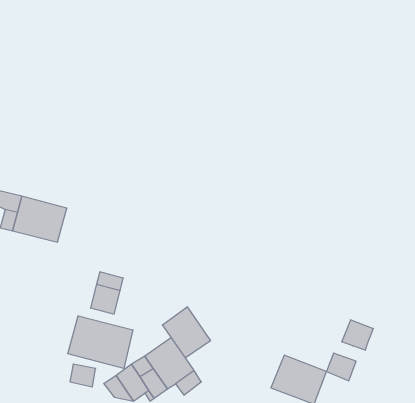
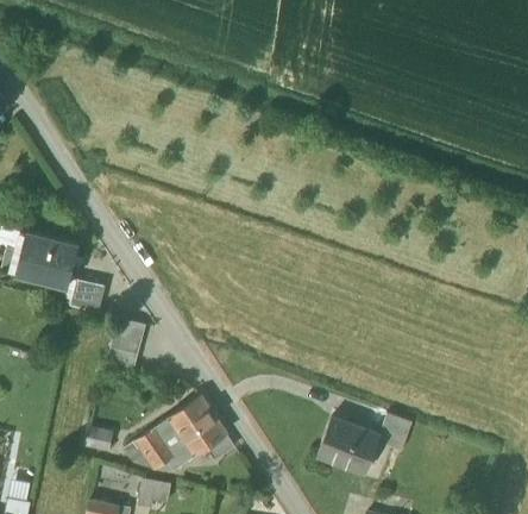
building: none -> [70,278,105,313]
building: [162,307,211,358] -> none
building: [68,316,133,368] -> none
building: [342,320,373,350] -> none

